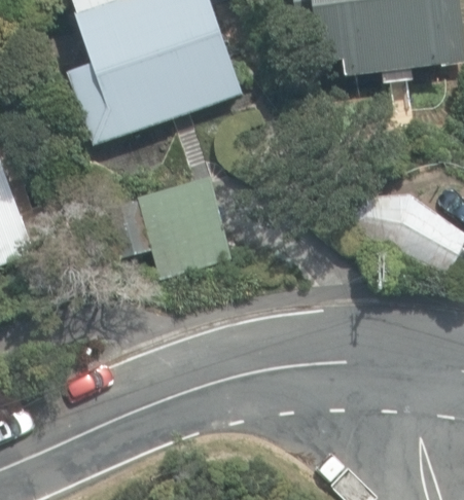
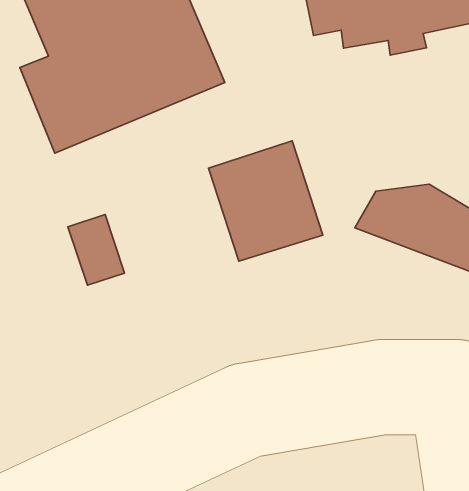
building: [138,175,230,274] -> [209,141,323,261]

